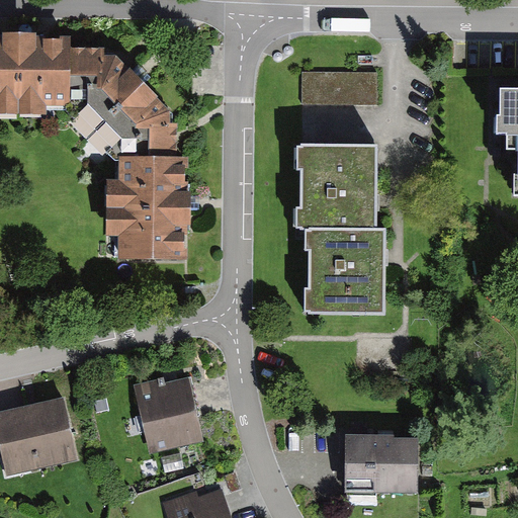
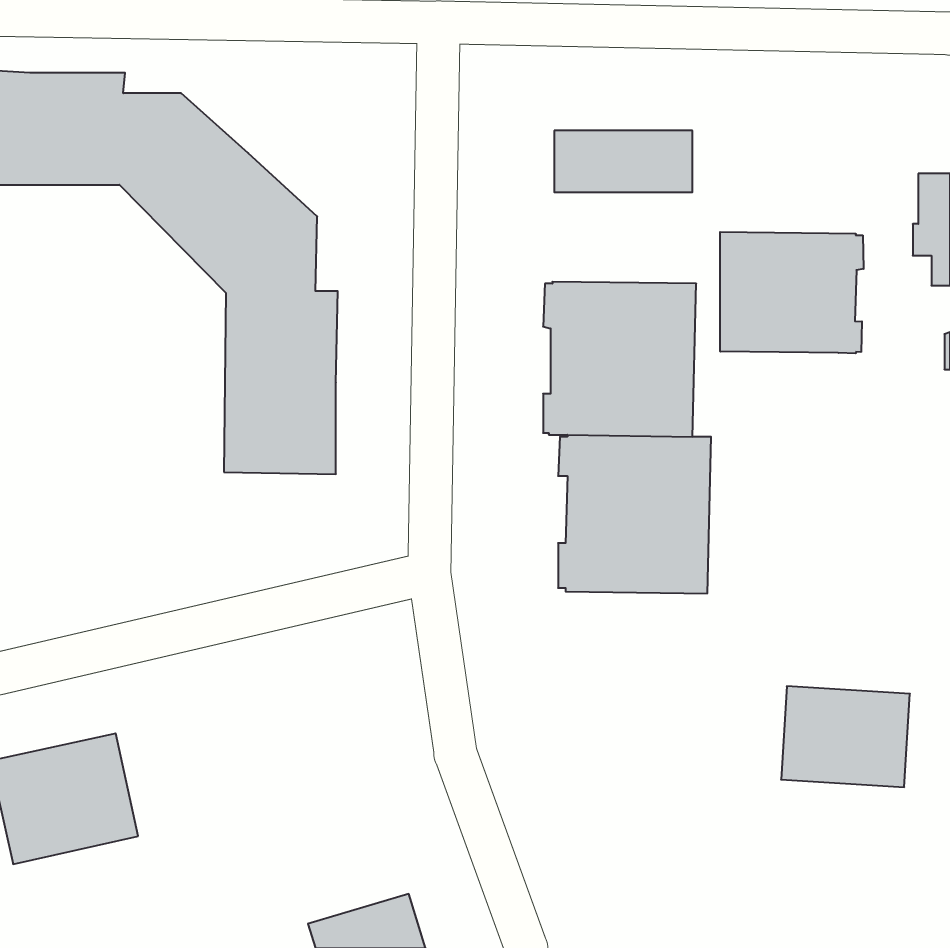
building: none -> [720,232,864,353]
building: [139,379,203,447] -> none
building: [347,432,417,487] -> [781,686,910,787]

